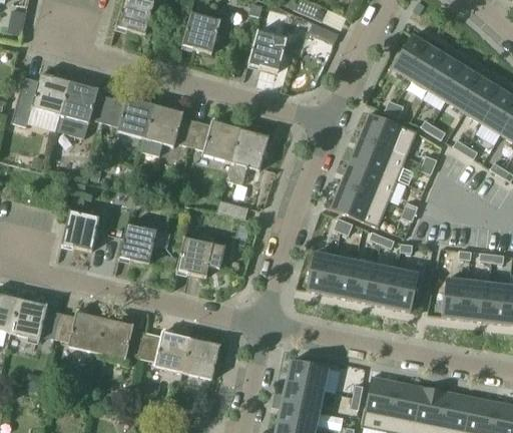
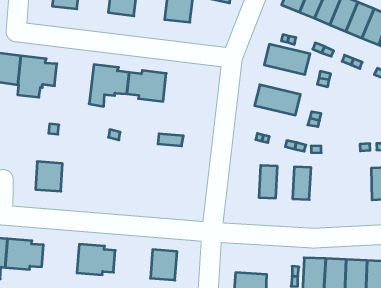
building: [104,96,155,150] -> none
building: [226,128,270,184] -> none
building: [351,136,407,178] -> none
building: [331,183,388,227] -> none
building: [119,224,157,264] -> none
building: [176,237,225,277] -> none
building: [307,252,337,295] -> none
building: [349,261,377,303] -> none
building: [389,269,419,311] -> none
building: [442,278,469,319] -> none
building: [55,311,104,352] -> none
building: [140,331,191,372] -> none
building: [287,359,329,389] -> none

